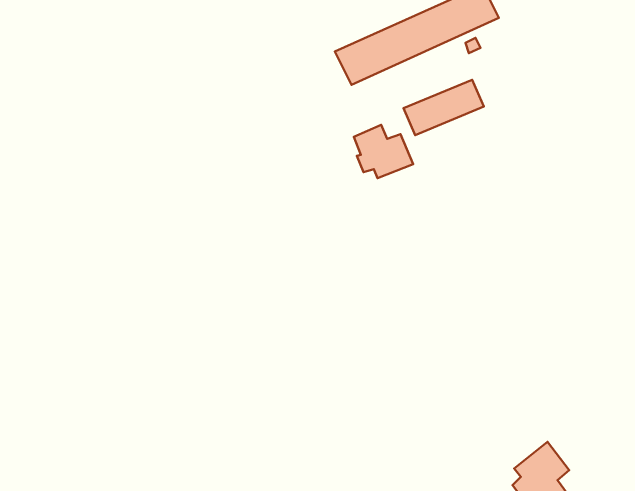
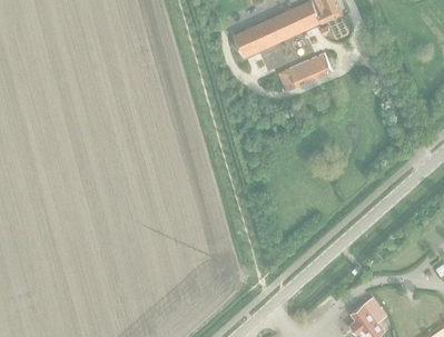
building: [354,125,413,178] -> none

